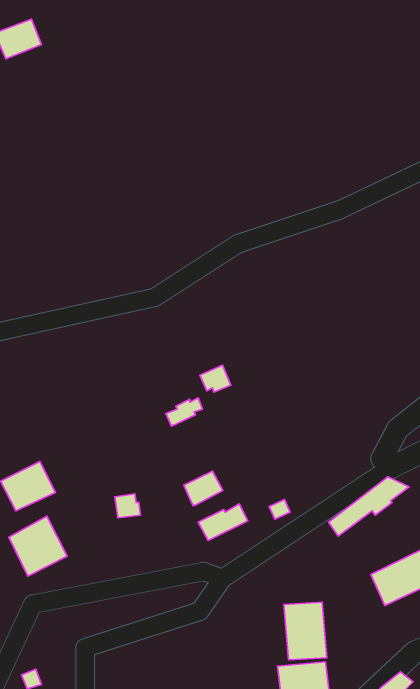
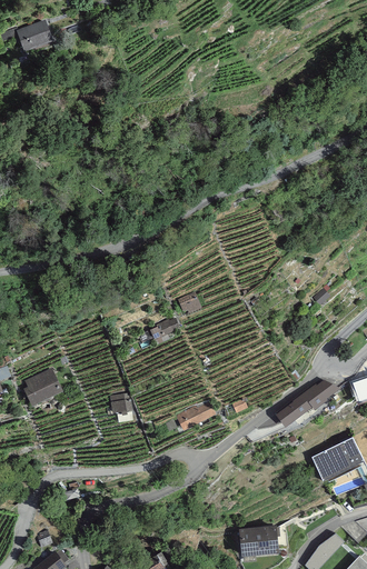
building: [184,471,223,506] -> none
building: [9,516,67,576] -> none
building: [284,602,327,660] -> none

